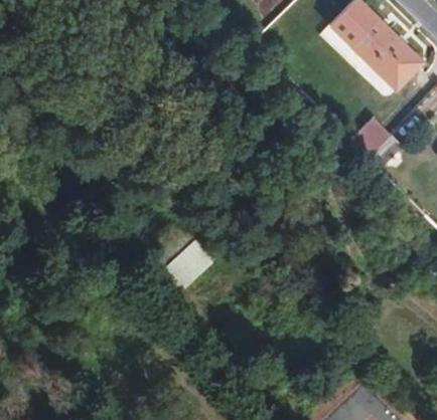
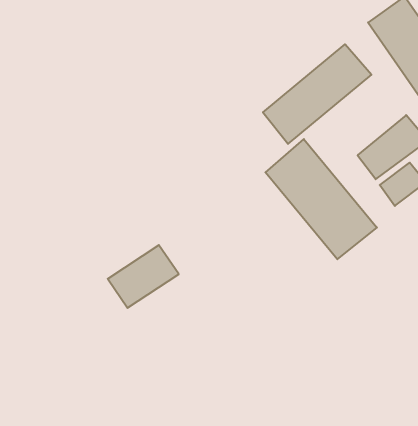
building: none -> [263,44,371,144]
building: none -> [265,139,377,259]

